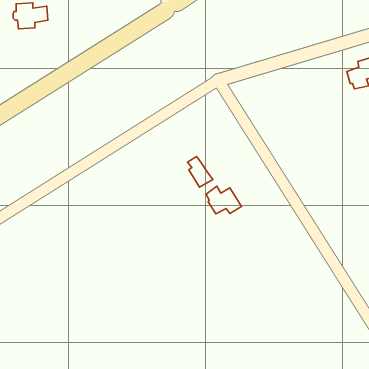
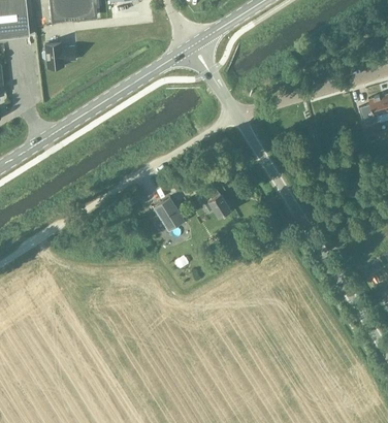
building: none -> [154,197,186,231]
building: [206,186,241,214] -> none

